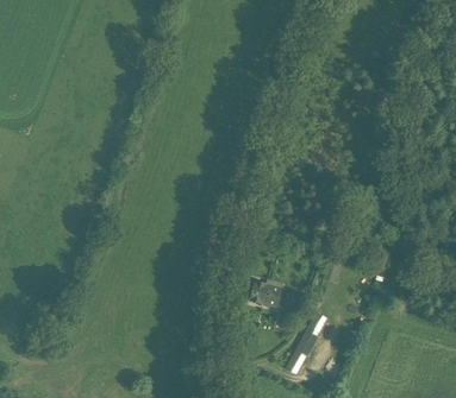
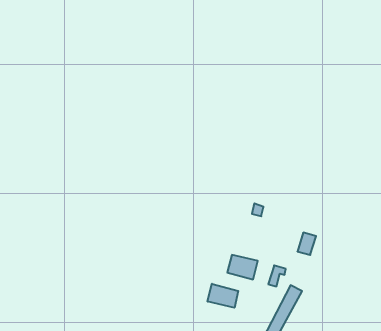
building: none -> [208,284,238,308]

